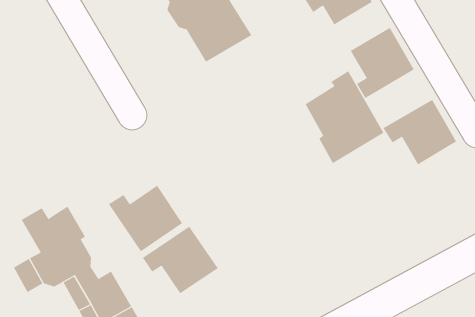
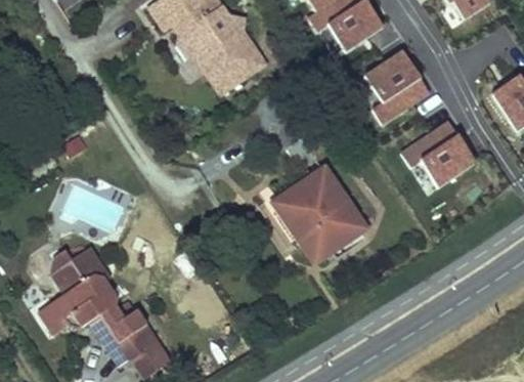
building: [305,70,384,164] -> [282,167,363,261]
building: [108,185,183,252] -> none
building: [142,226,218,294] -> none

